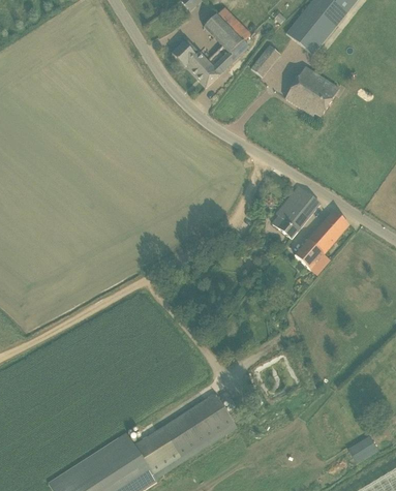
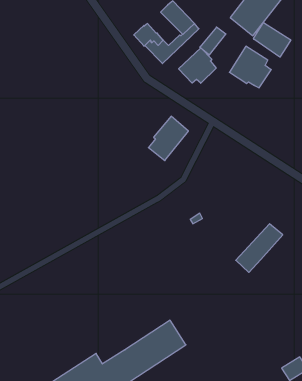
building: none -> [254,22,291,57]
building: none -> [179,48,216,83]
building: [272,185,319,238] -> [148,116,188,161]
building: [294,210,349,268] -> [236,224,283,272]

